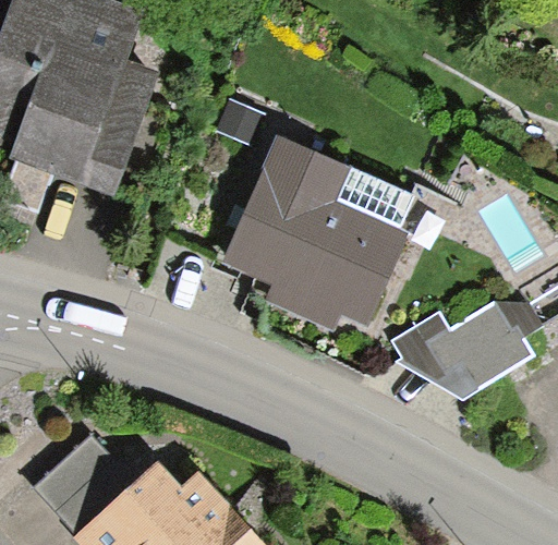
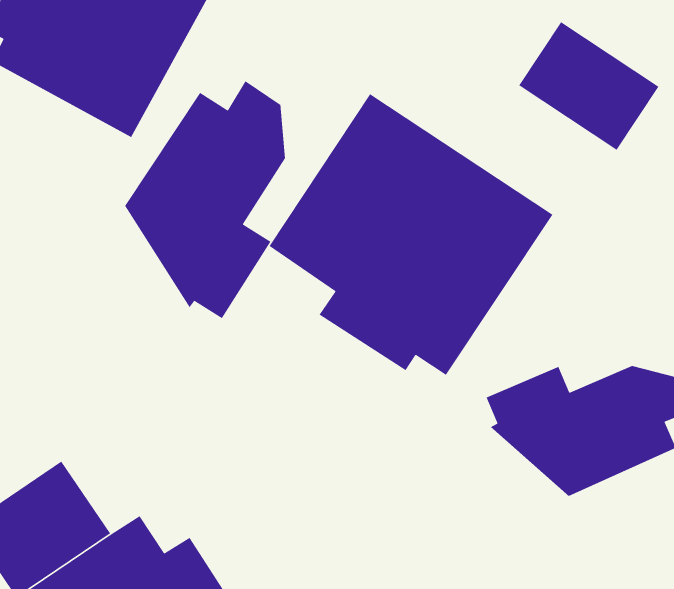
building: none -> [518,21,660,151]
building: none -> [124,80,286,319]

